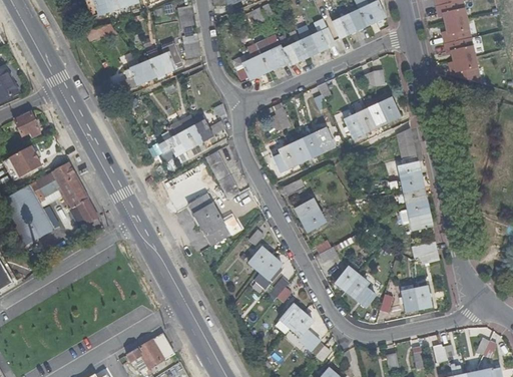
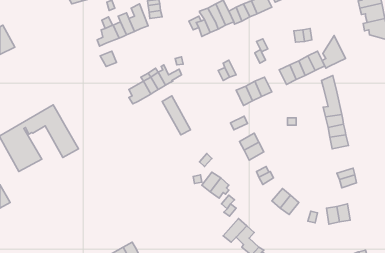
building: none -> [322,35,346,68]
building: [14,112,40,137] -> none
building: [8,144,41,178] -> none
building: [276,145,301,172] -> none
building: [184,197,224,247] -> none

